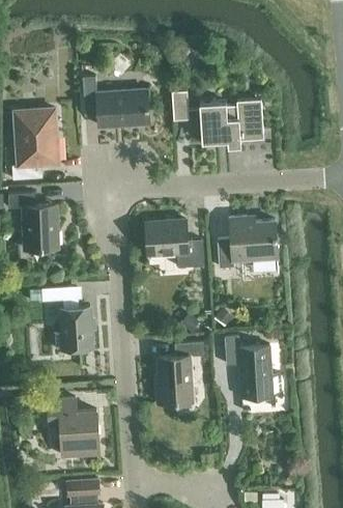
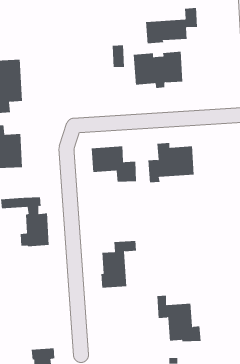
building: none -> [146,7,198,44]
building: [83,77,149,128] -> none
building: [225,336,283,396] -> [156,295,202,342]
building: [48,398,99,457] -> none

